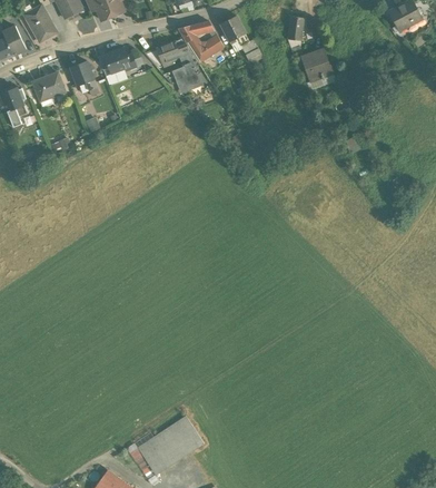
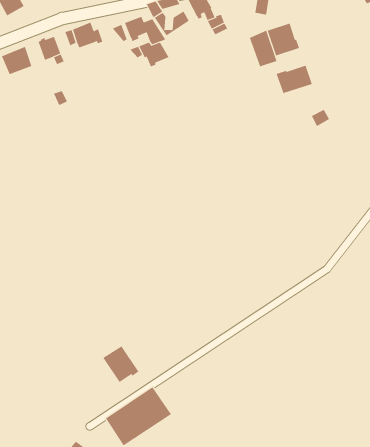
building: none -> [249,30,277,67]
building: none -> [276,65,312,94]
building: none -> [103,345,139,383]

